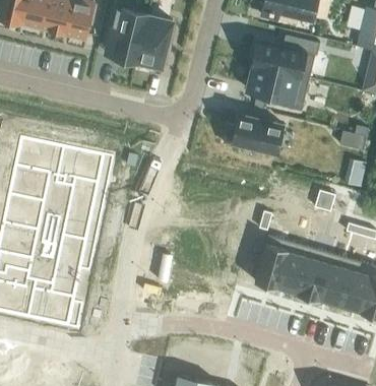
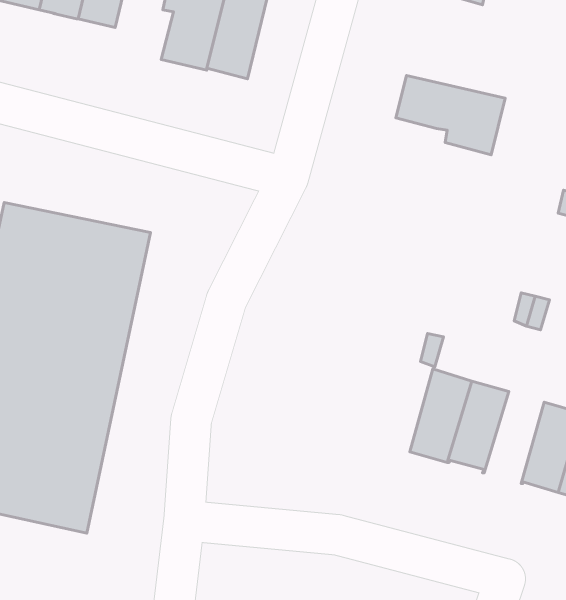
building: [252,37,319,80] -> none
building: [223,116,283,154] -> none
building: [297,249,331,302] -> none

